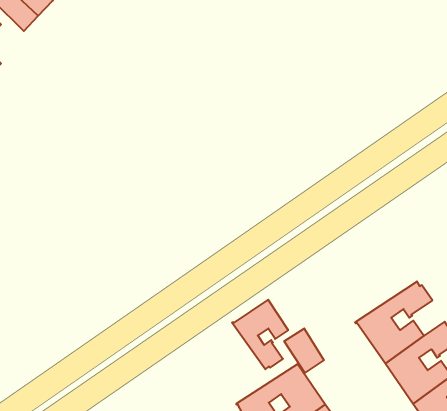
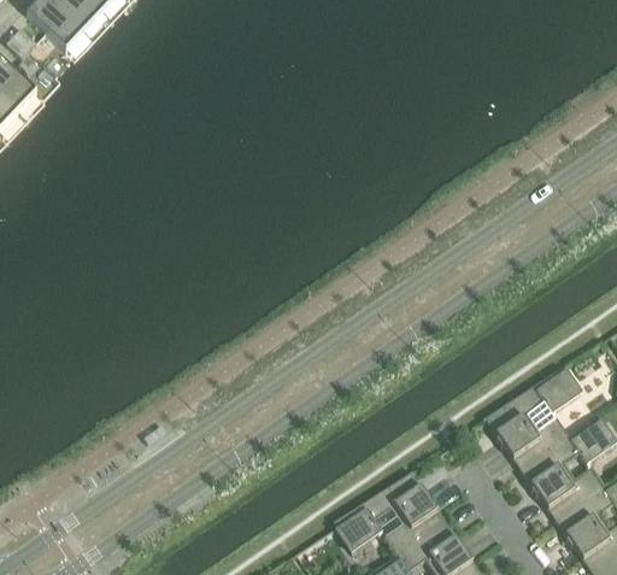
building: [232,300,288,369] -> none
building: [284,328,324,373] -> none

